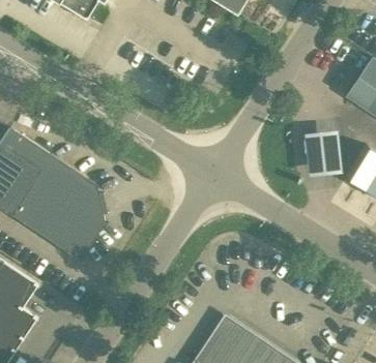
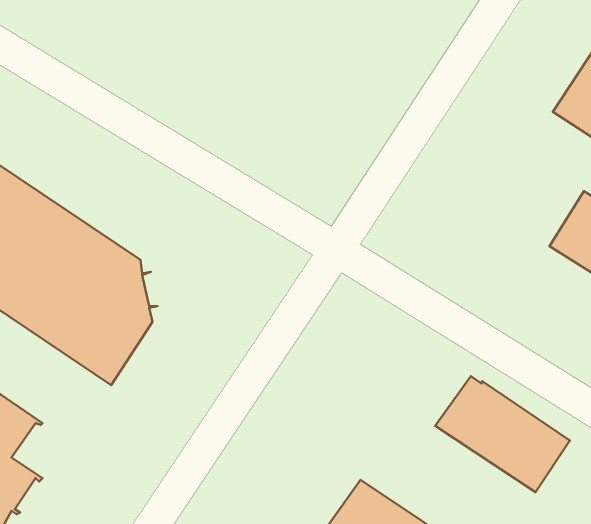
building: [303,121,340,168] -> none
building: none -> [435,376,570,492]

